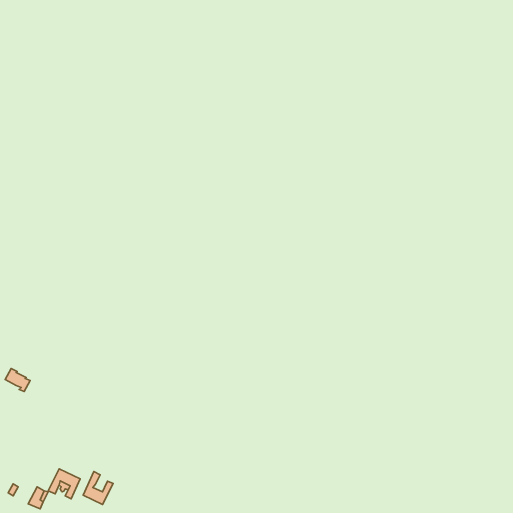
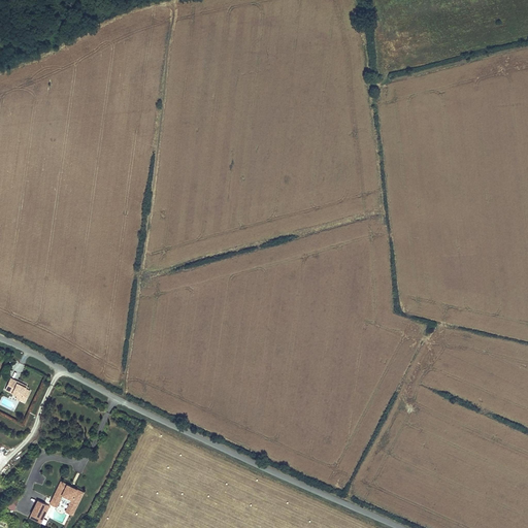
building: [83,471,113,505] -> none

